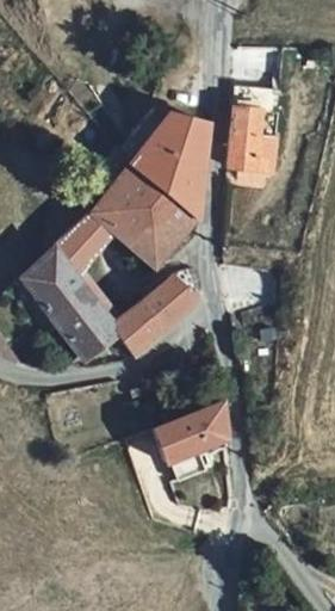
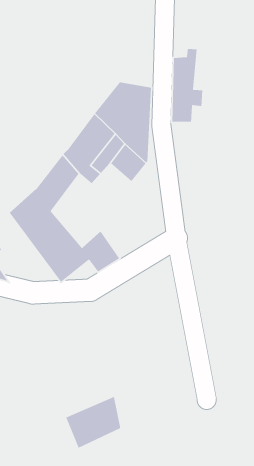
building: [123,218,174,267] -> none
building: [135,269,200,340] -> none
building: [159,401,230,469] -> [65,396,121,449]

